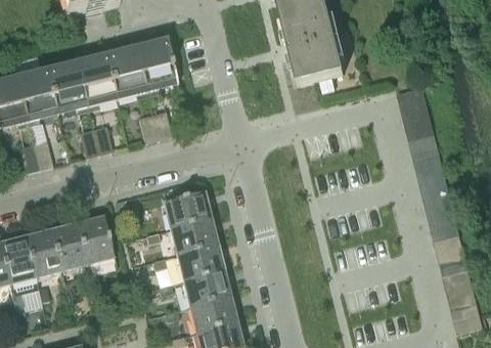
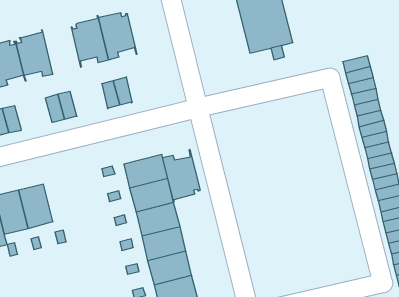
building: [76,54,117,105] -> none
building: none -> [163,149,200,202]
building: [77,216,113,263] -> none

